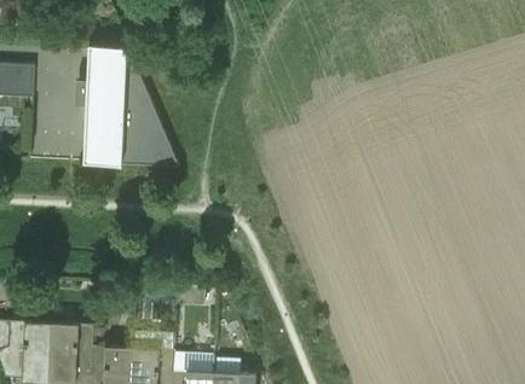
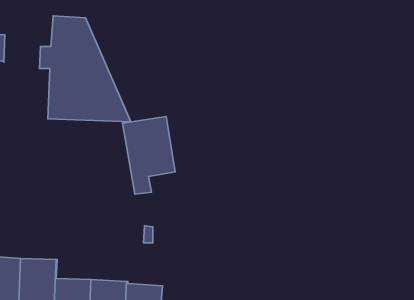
building: none -> [122,116,175,194]

